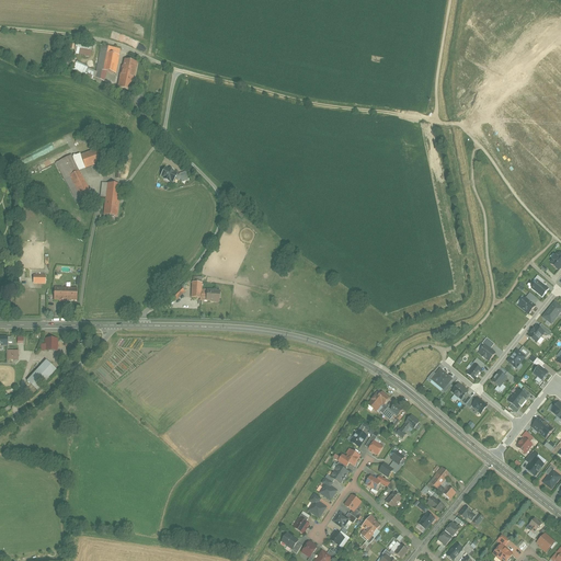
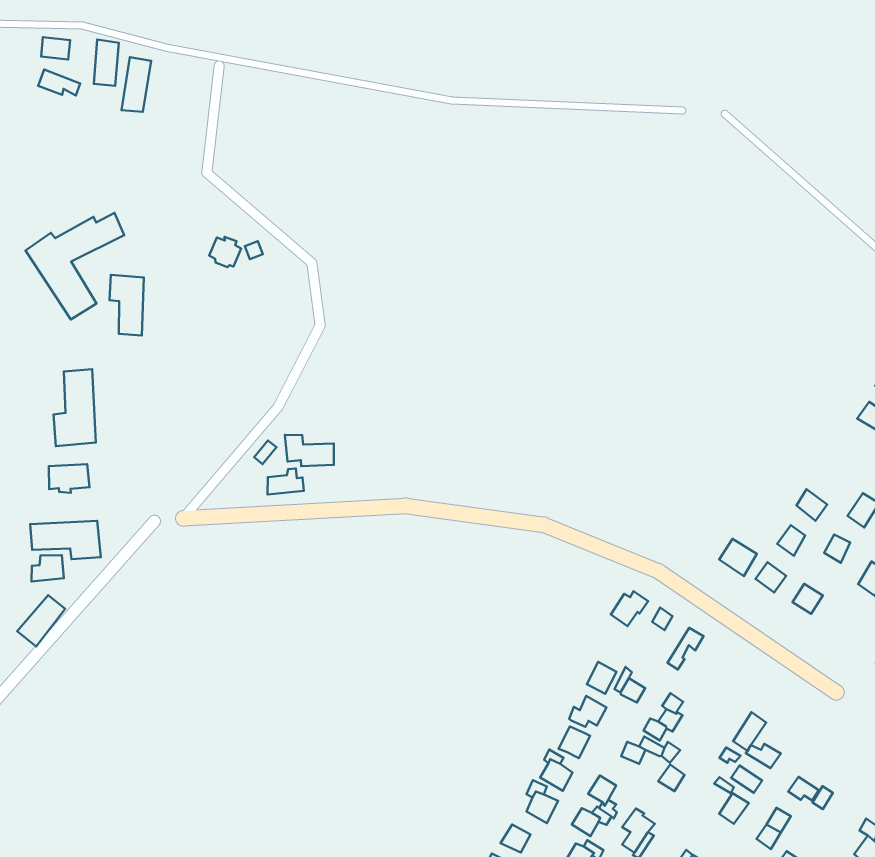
building: none -> [54,369,96,446]
building: none -> [30,521,101,559]

